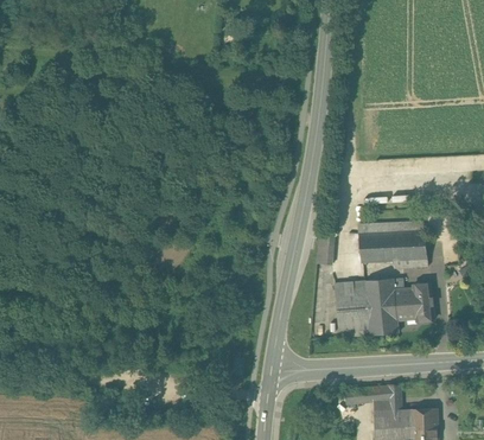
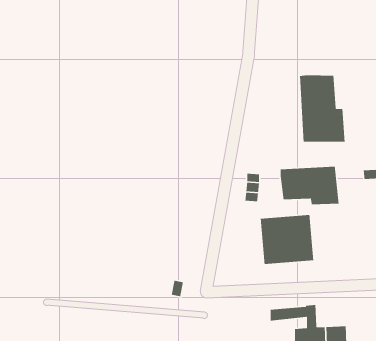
building: none -> [299,75,346,143]
building: [394,278,434,321] -> none

